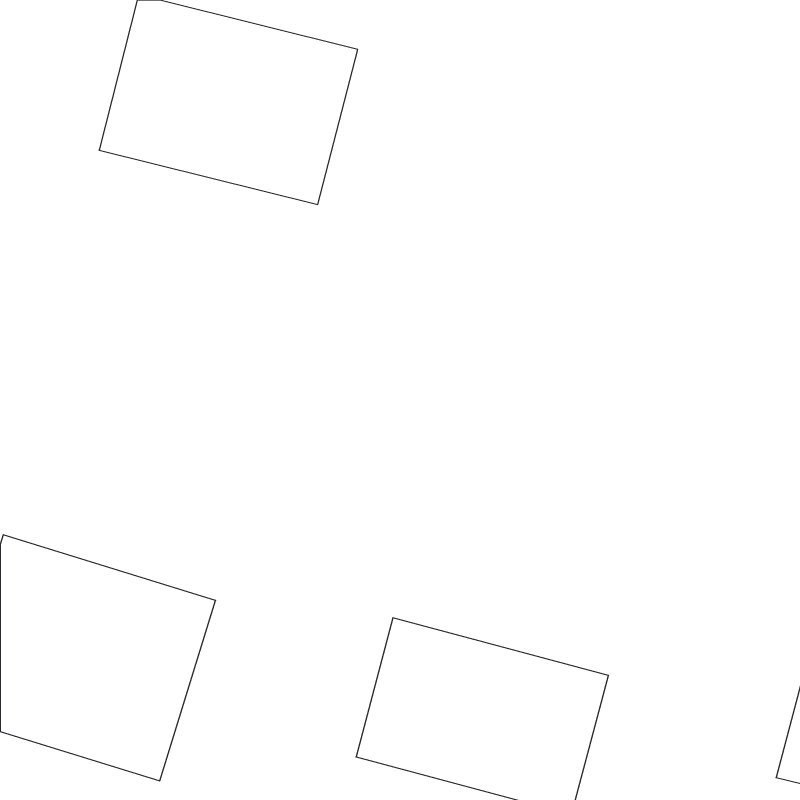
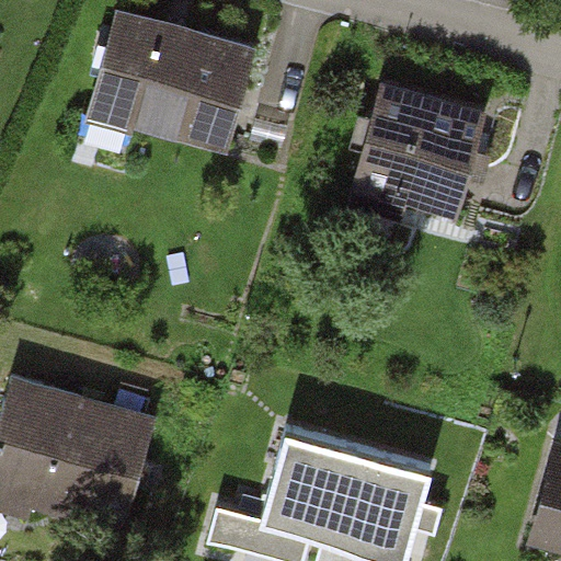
building: none -> [336,80,482,211]

